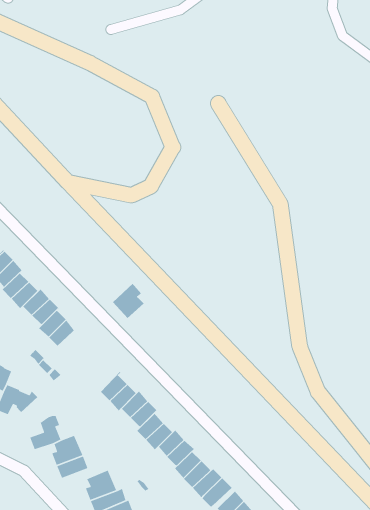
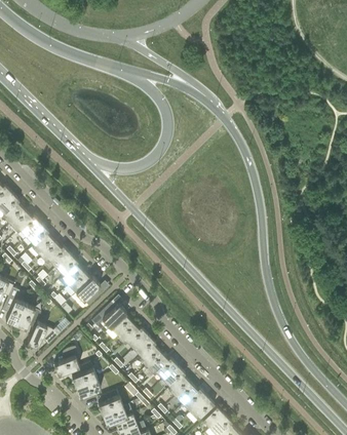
building: [112,283,144,319] -> [76,277,102,306]
building: none -> [91,303,125,328]

